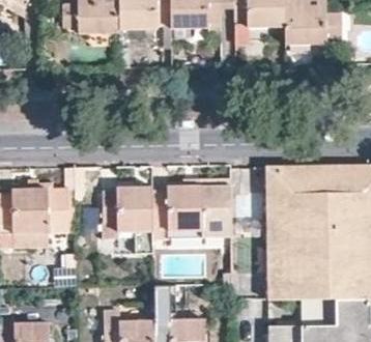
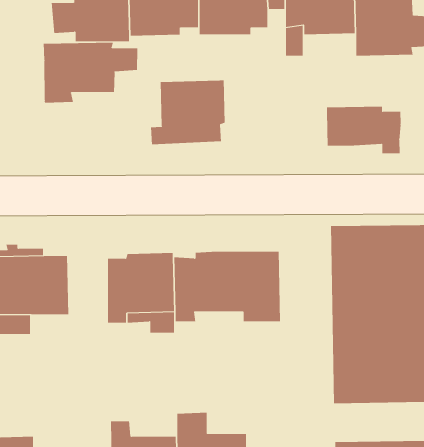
building: none -> [43,42,138,103]
building: none -> [151,80,225,145]
building: none -> [326,106,401,154]

